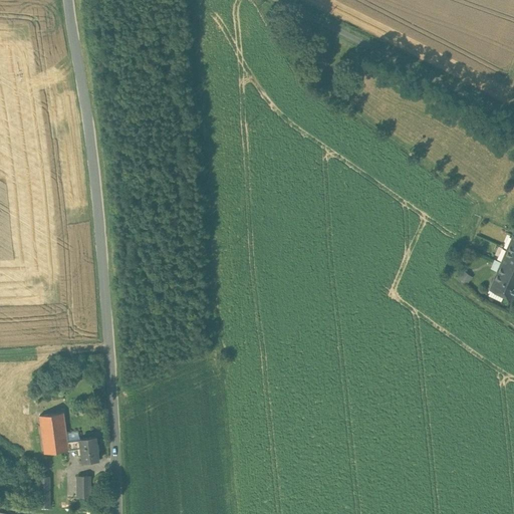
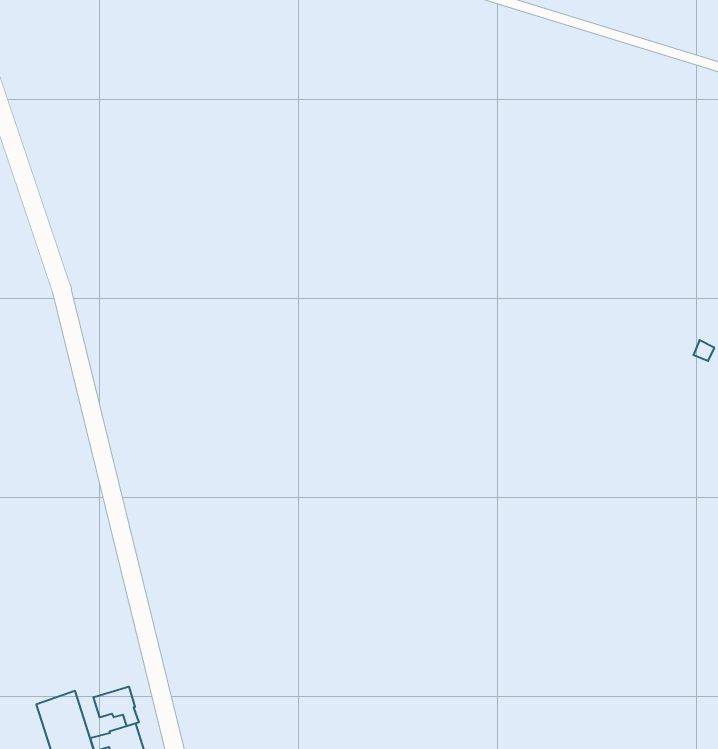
building: none -> [94,687,139,726]

